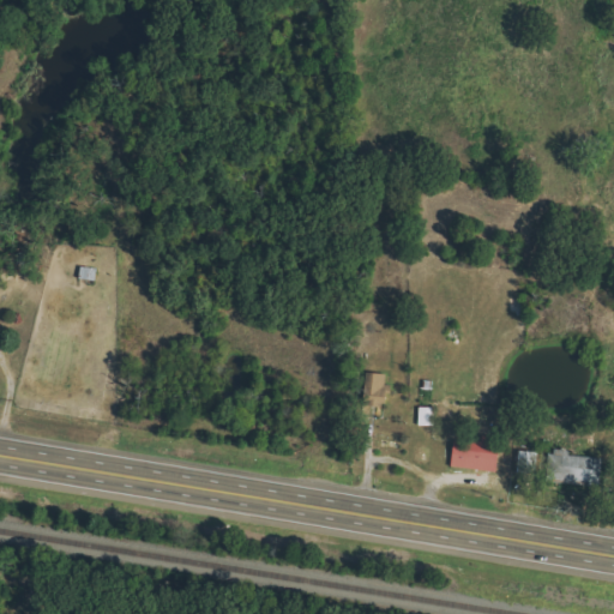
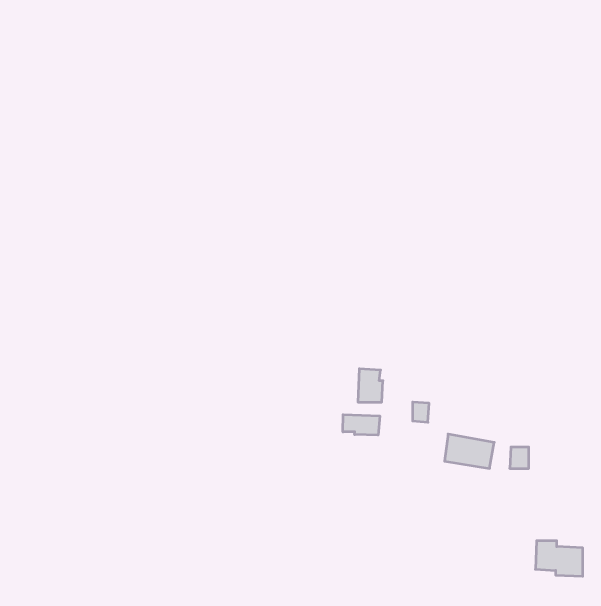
building: none -> [343,415,380,435]
building: [547,451,595,487] -> [535,541,583,576]

